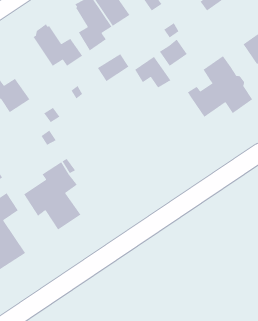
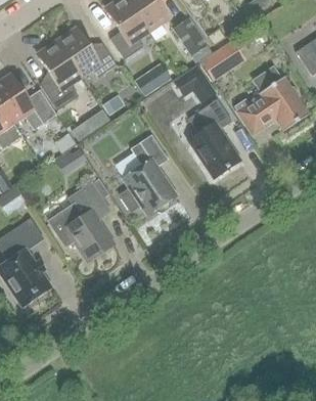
building: none -> [173,17,213,62]
building: none -> [39,43,82,109]
building: none -> [188,98,240,177]
building: none -> [121,134,177,215]

